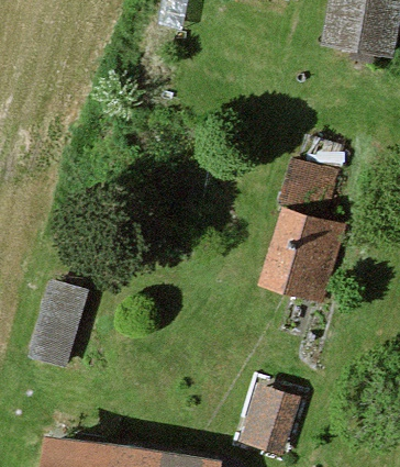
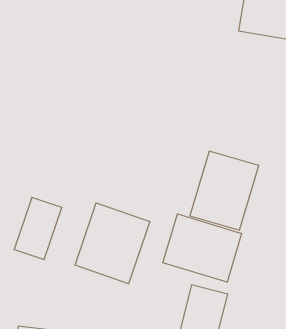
building: none -> [75,203,150,284]
building: none -> [163,214,242,282]

